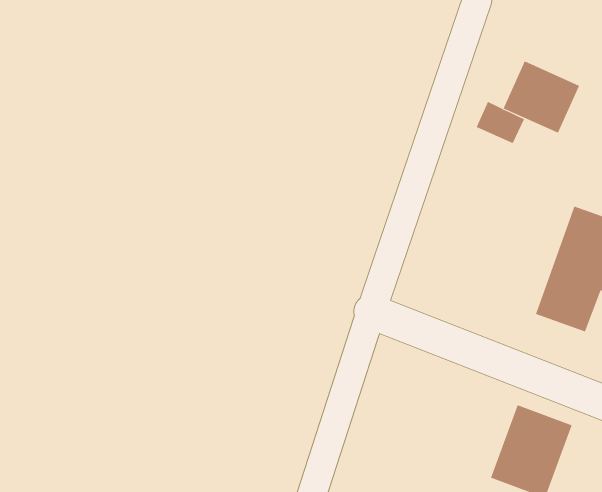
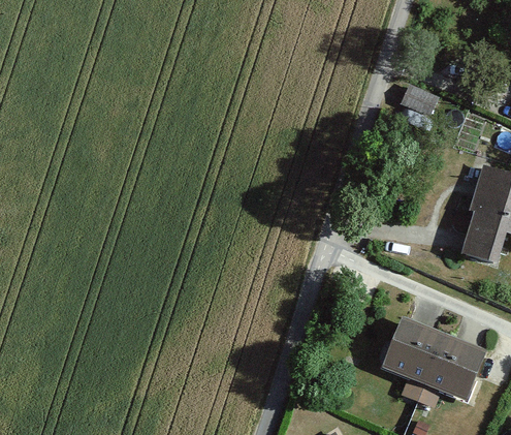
building: [503,61,580,134] -> none
building: none -> [376,309,442,383]

